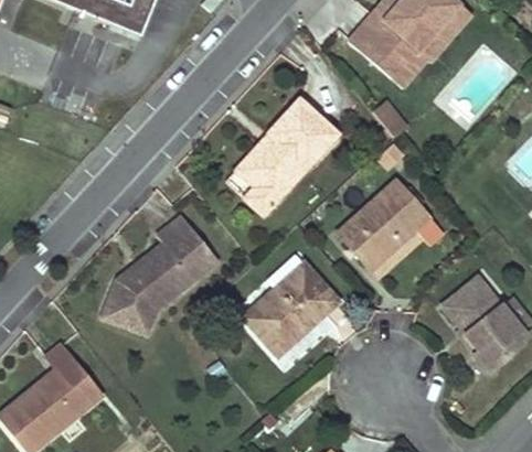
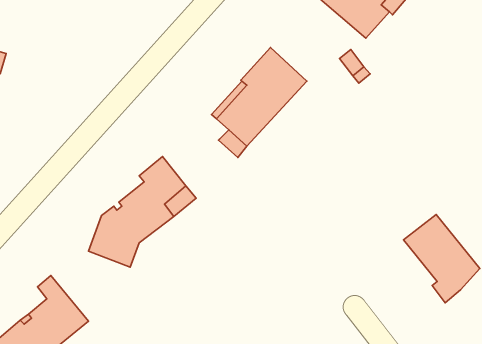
building: [340,181,430,268] -> none
building: [247,251,341,354] -> none

